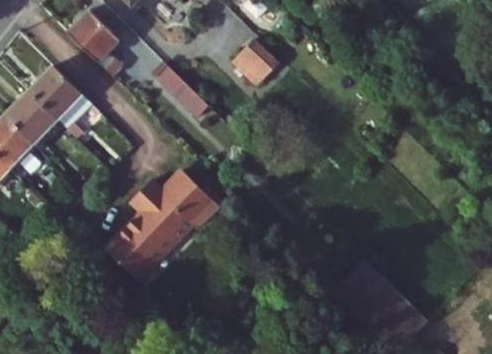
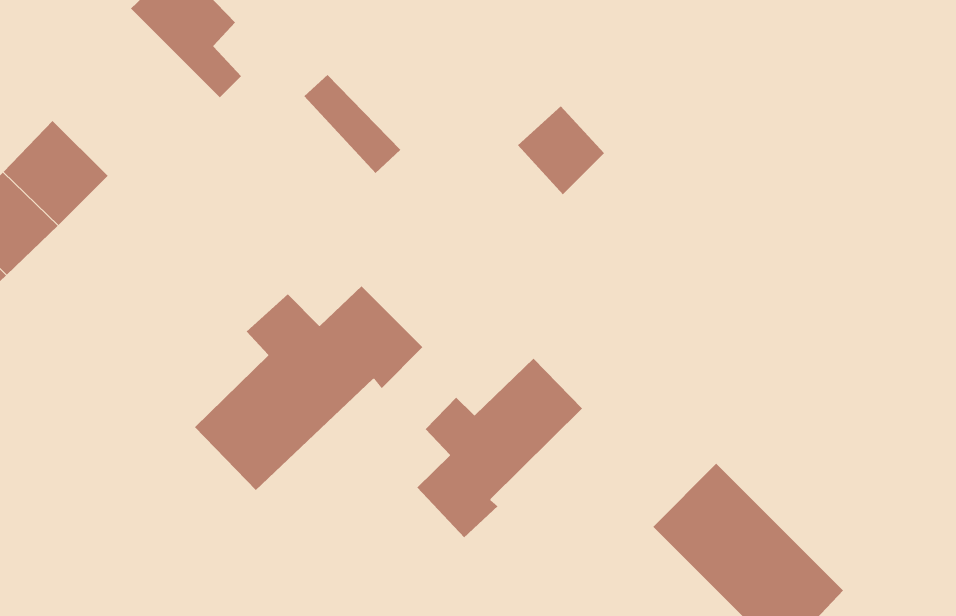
building: [236,44,280,89] -> [517,105,605,195]
building: [30,66,93,130] -> none
building: none -> [417,358,583,538]

